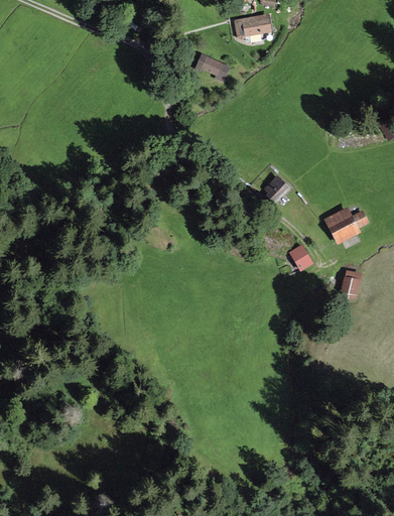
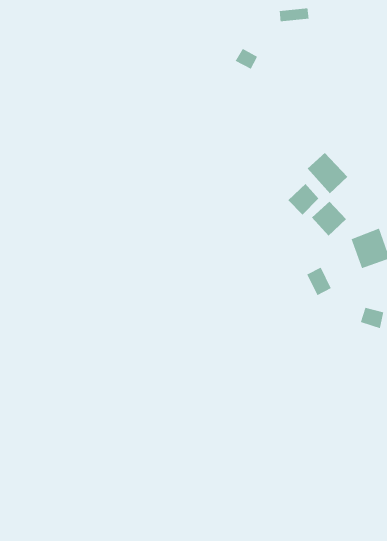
building: none -> [307,152,348,194]
building: none -> [311,201,347,237]

